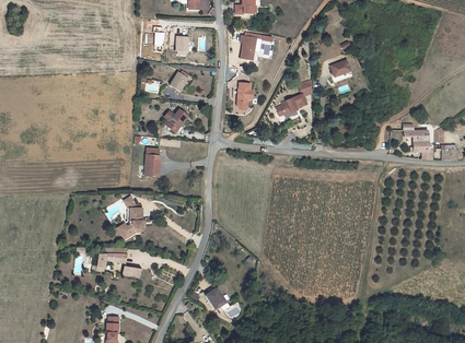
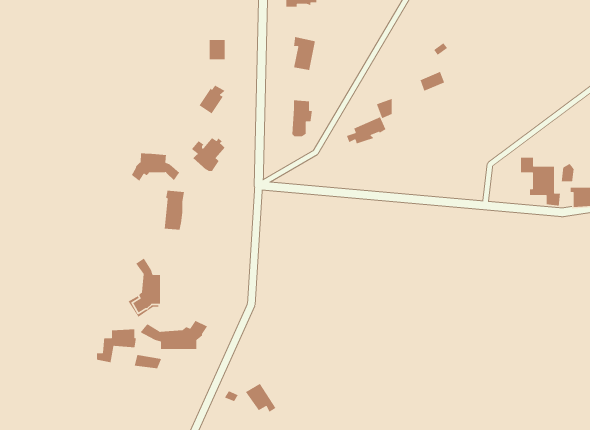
building: none -> [131,152,180,182]
building: none -> [140,320,208,350]

